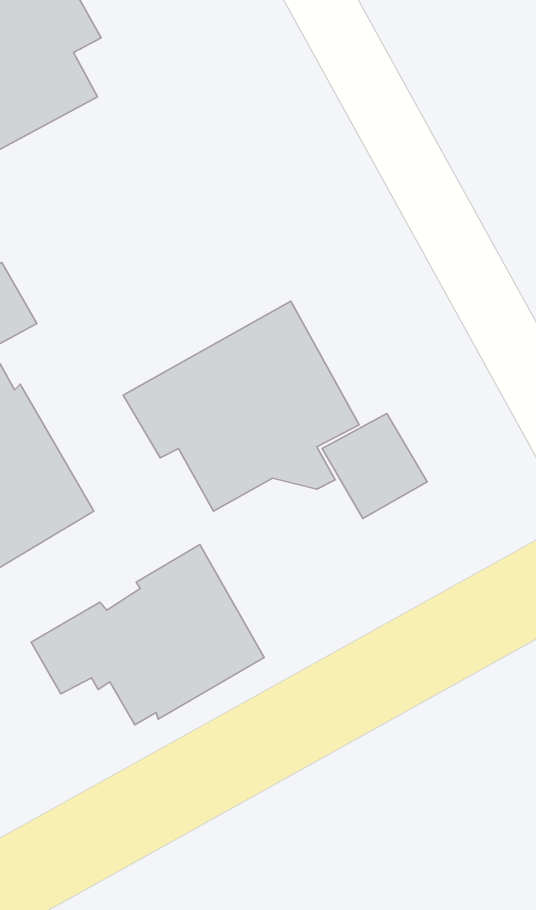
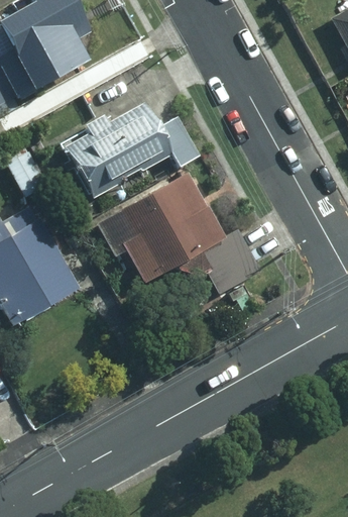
building: none -> [63,102,202,199]
building: [31,544,264,725] -> none

